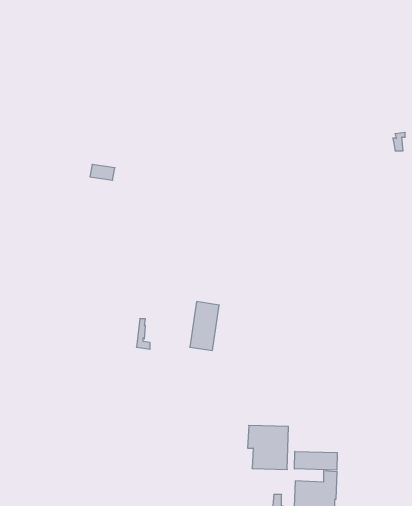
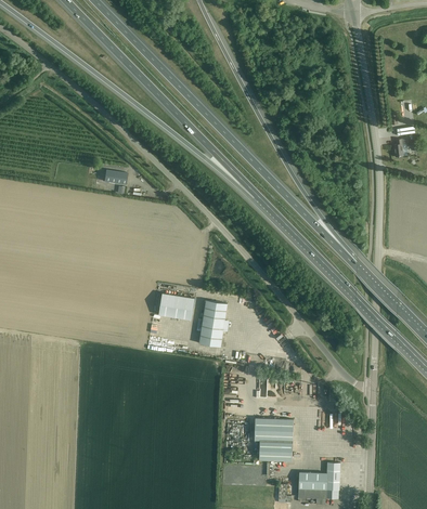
building: none -> [158,293,194,321]
building: [294,451,337,470] -> none

